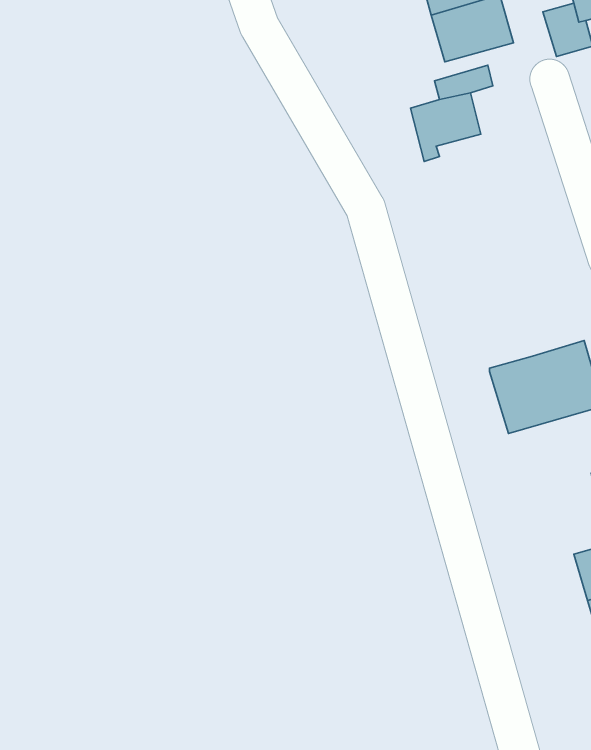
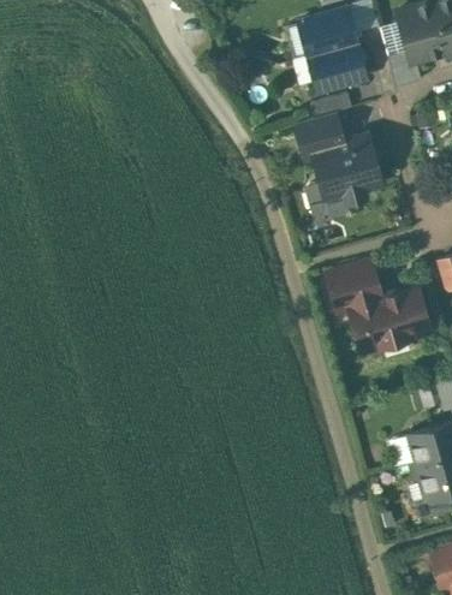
building: none -> [311,136,380,204]
building: none -> [327,262,379,311]

